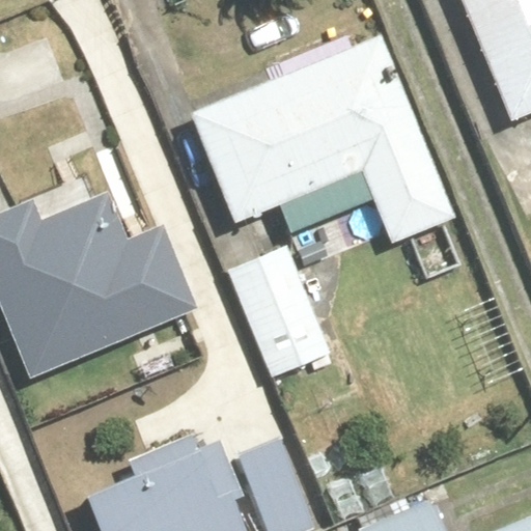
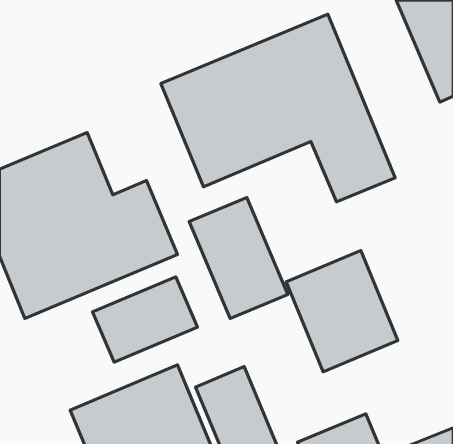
building: none -> [286,251,398,372]
building: none -> [93,277,197,362]

